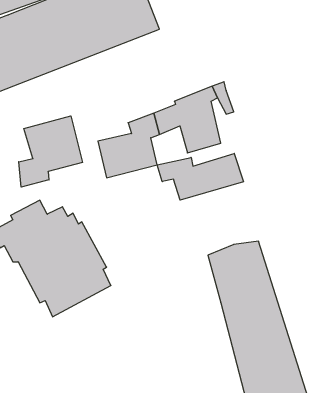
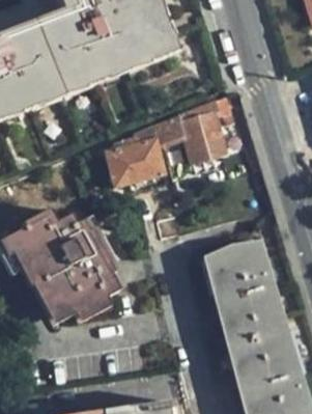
building: [19,116,83,187] -> none
building: [157,153,243,200] -> none

